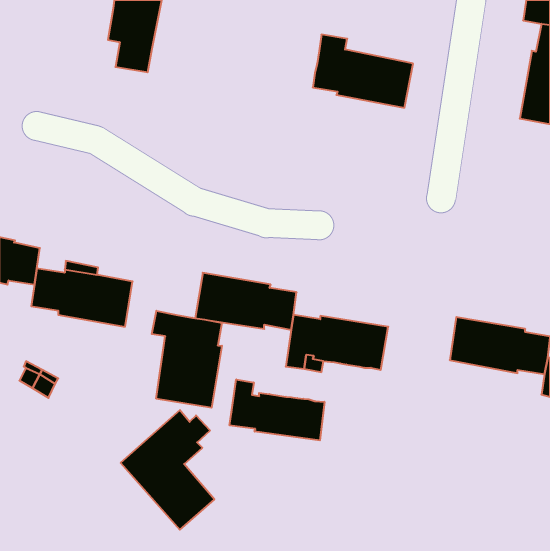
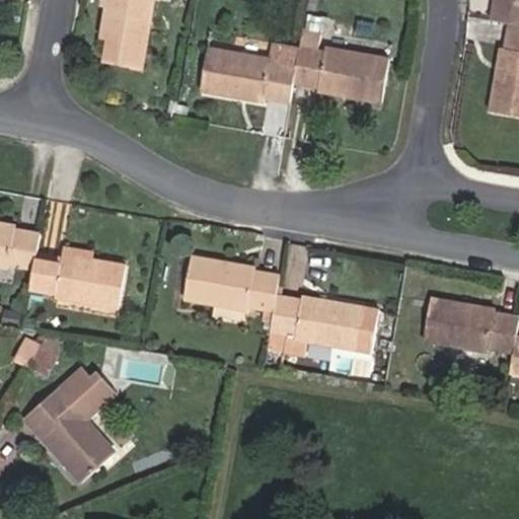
building: none -> [200,49,298,102]
building: [152,311,222,408] -> none
building: [230,379,324,440] -> none
building: [121,410,214,530] -> [25,367,114,479]

